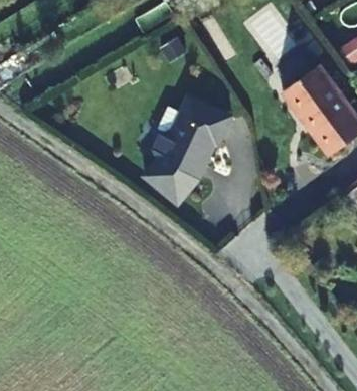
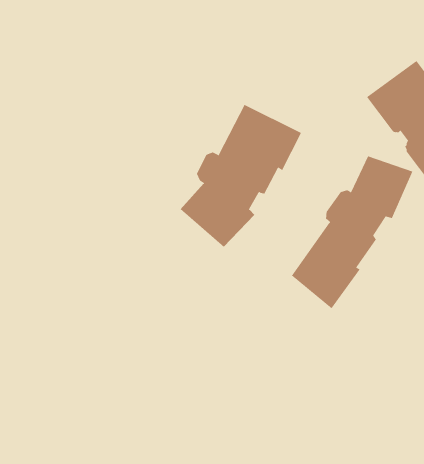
building: none -> [291,155,413,309]

